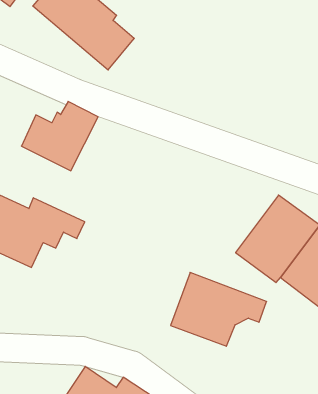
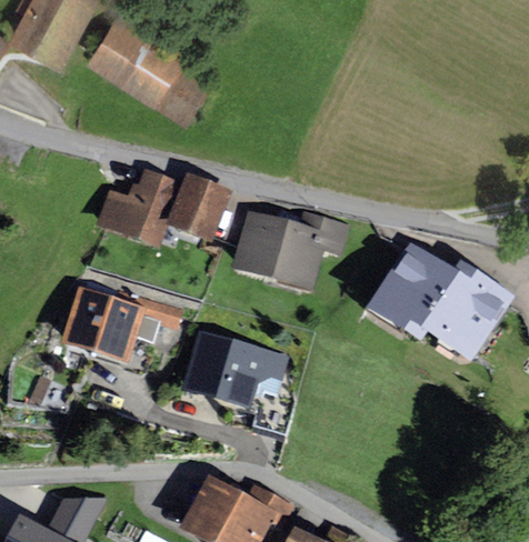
building: none -> [167,172,231,244]
building: none -> [230,210,350,293]
building: [171,272,267,346] -> [181,331,290,412]

